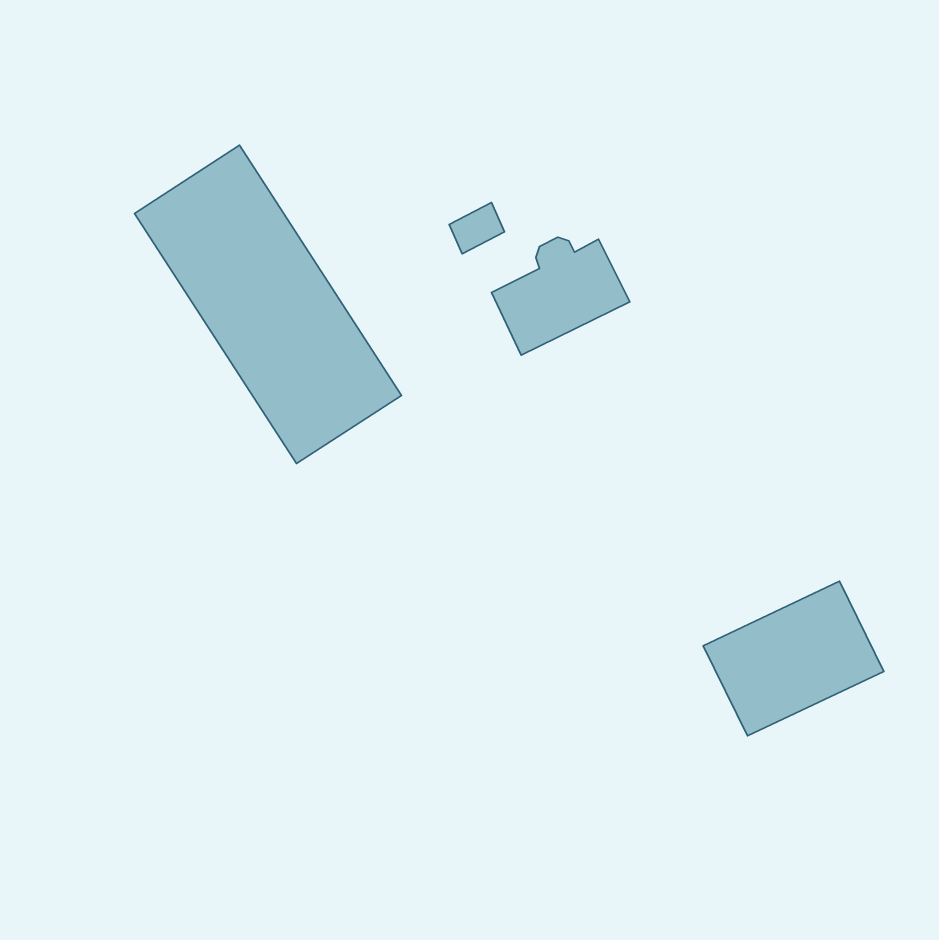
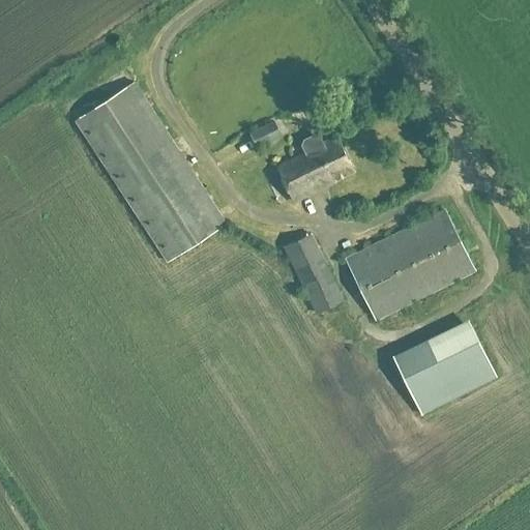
building: none -> [346,211,474,318]
building: none -> [283,233,343,315]

